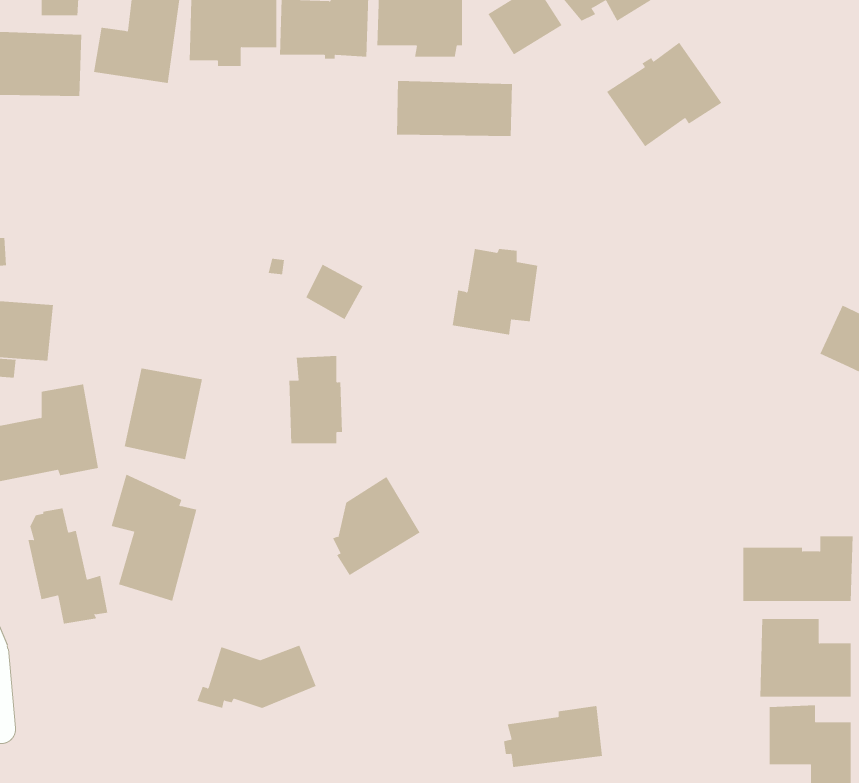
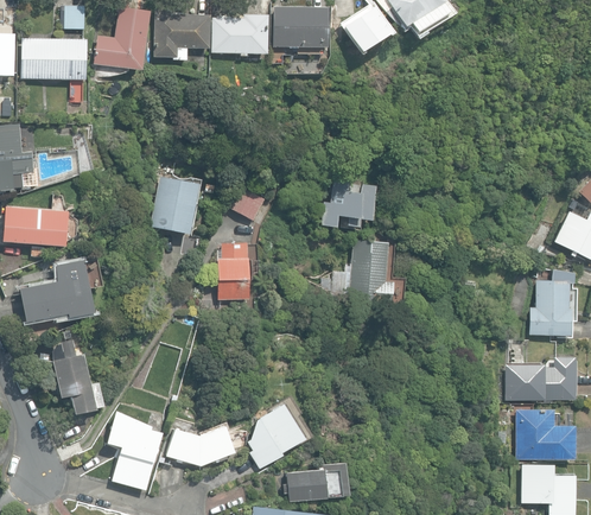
building: [606,42,722,147] -> none
building: [396,80,512,137] -> none
building: none -> [348,239,393,304]
building: [124,368,203,460] -> [150,176,199,234]
building: none -> [528,279,570,333]
building: [111,474,197,601] -> [107,408,161,489]
building: [332,476,421,576] -> [247,401,303,464]
building: [503,706,603,767] -> [282,460,345,500]

